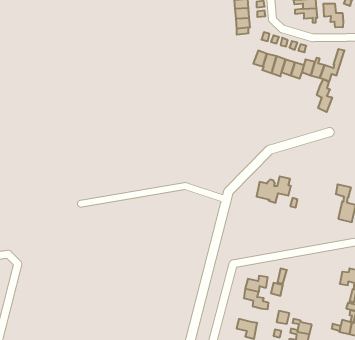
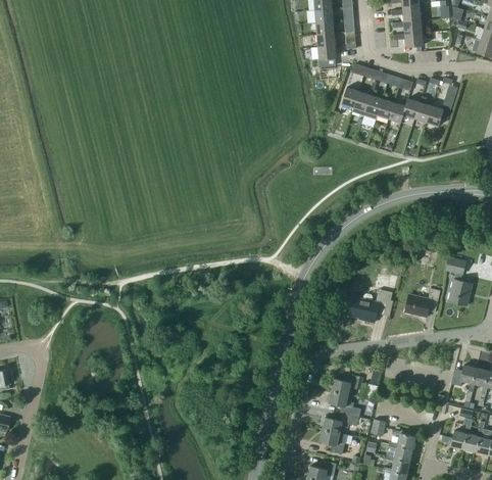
building: [323,4,343,27] -> none
building: [317,79,332,112] -> none
building: [256,176,291,203] -> [349,289,393,323]
building: none -> [404,288,440,317]
building: none -> [323,413,359,433]

